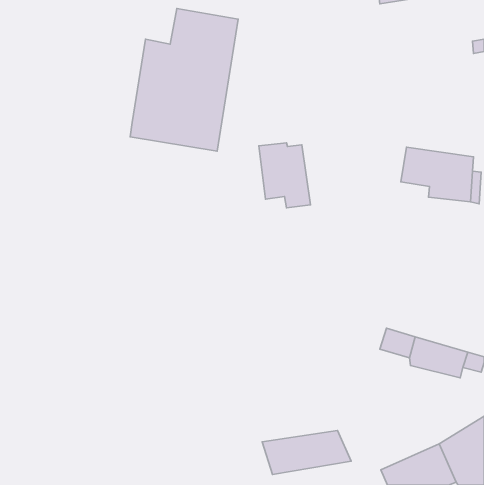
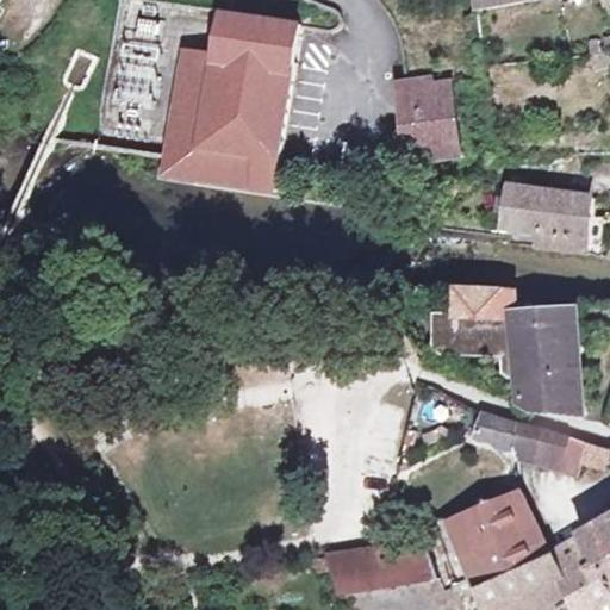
building: [259,143,310,208] -> [394,77,459,158]
building: none -> [431,288,578,416]
building: none -> [436,491,547,585]

